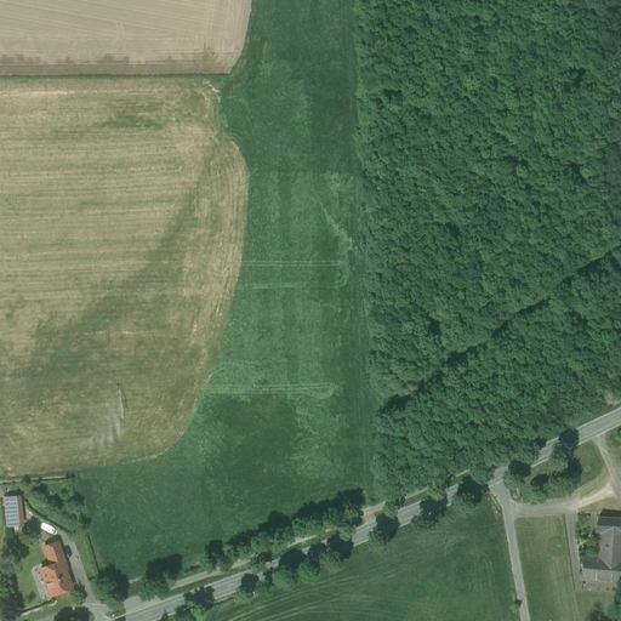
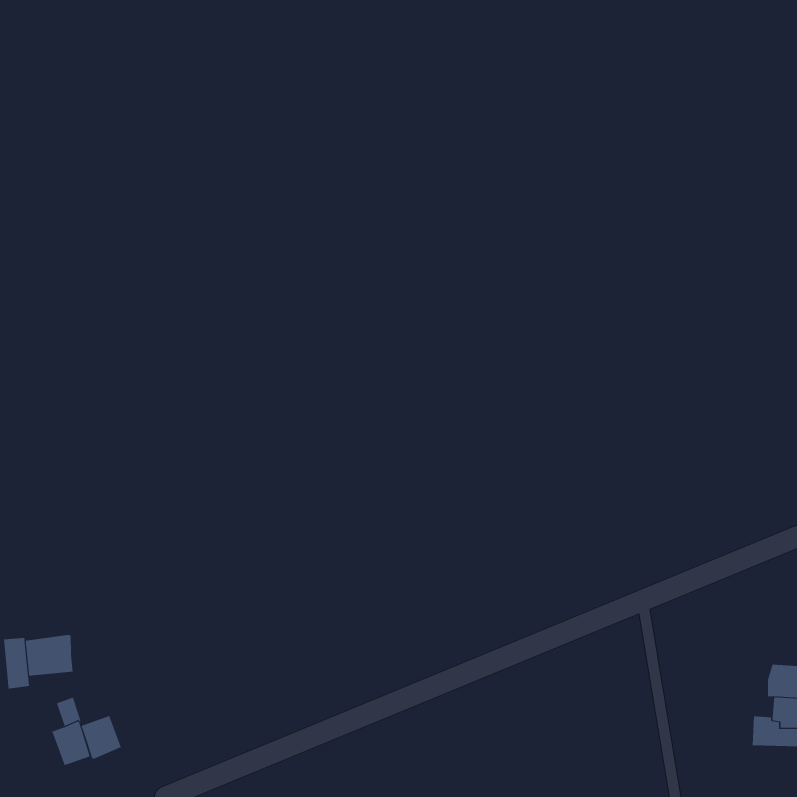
building: none -> [25,634,73,676]
building: none -> [81,715,121,759]

